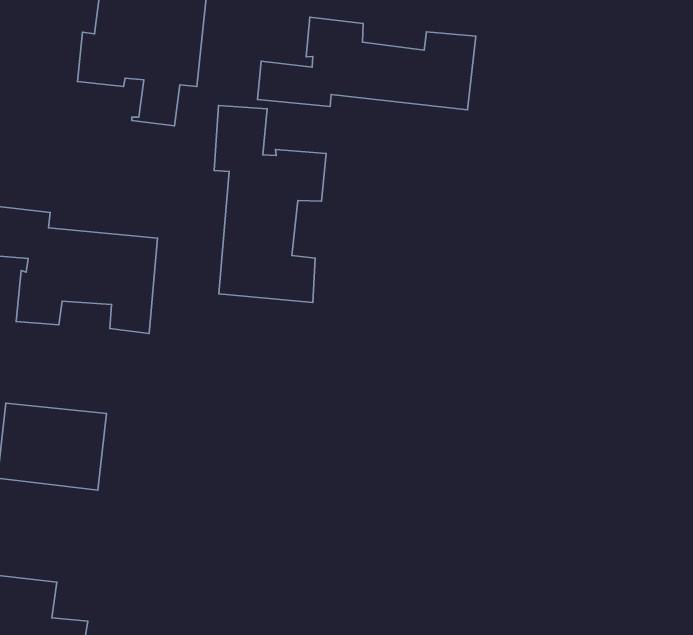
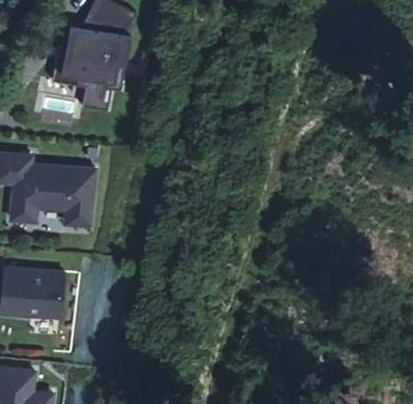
building: [258,17,476,110] -> none
building: [214,105,326,302] -> none

